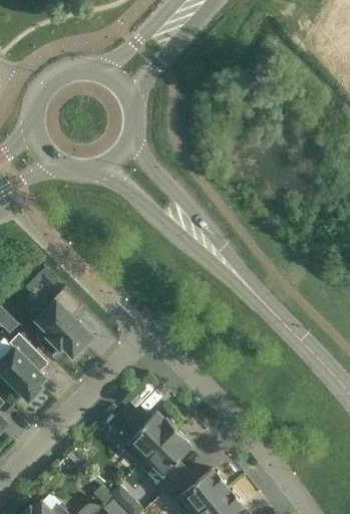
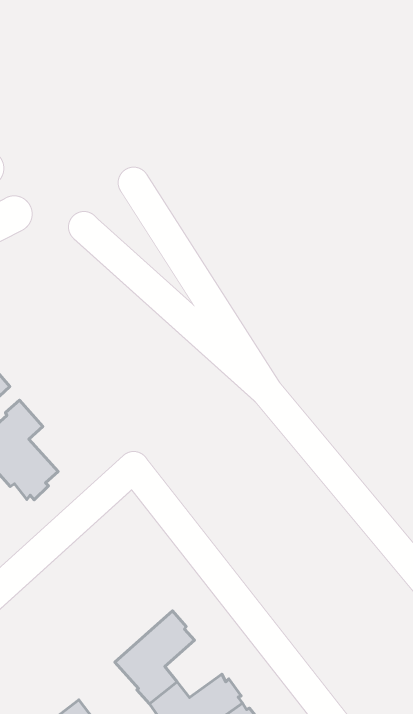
building: [111,413,176,465] -> none

